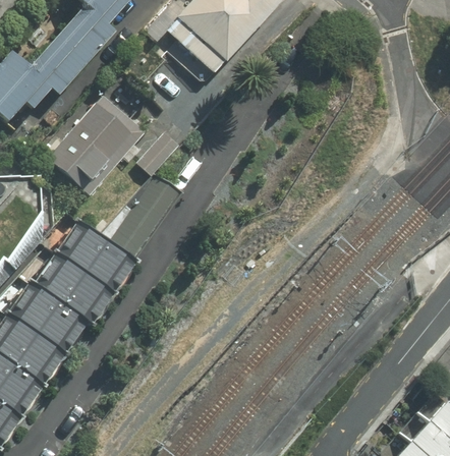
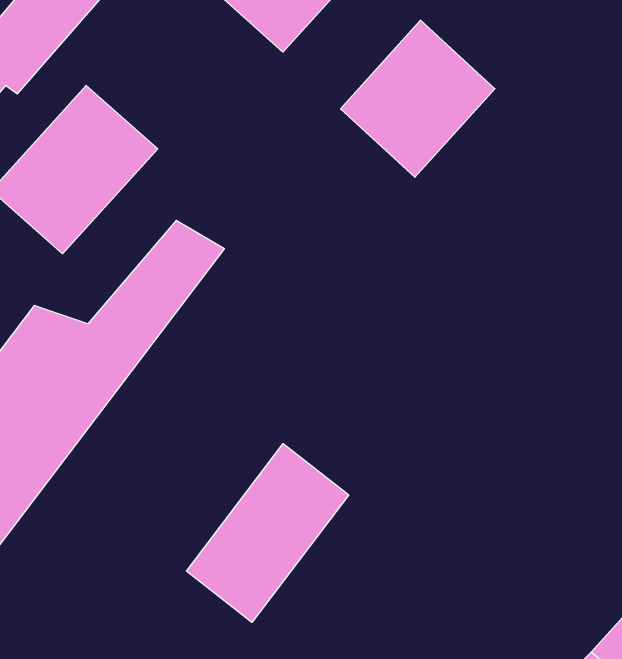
building: none -> [341,20,495,177]
building: none -> [186,444,349,622]

